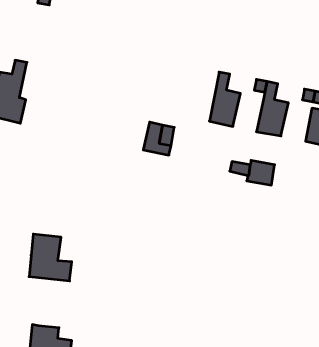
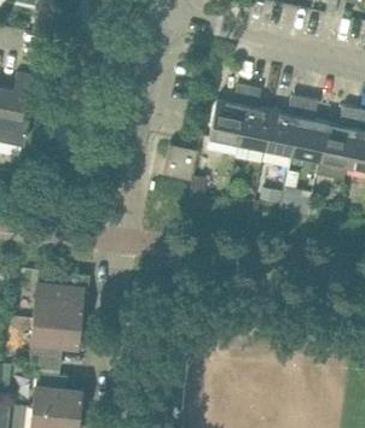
building: none -> [209,86,249,143]
building: none -> [265,112,300,156]
building: none -> [319,123,354,166]
building: none -> [29,319,80,371]

